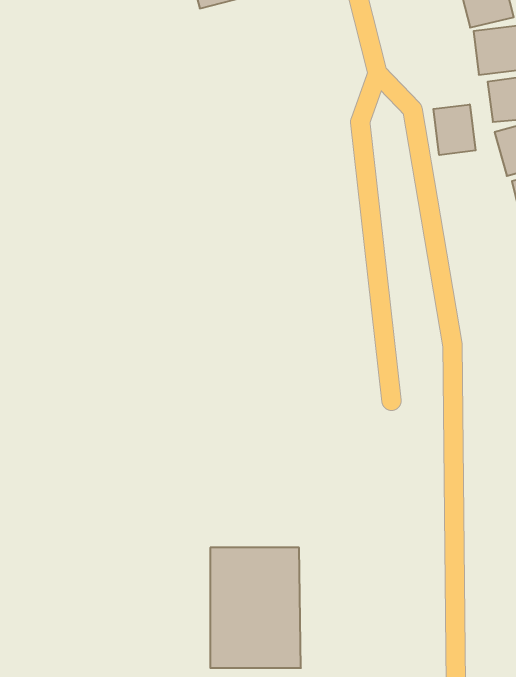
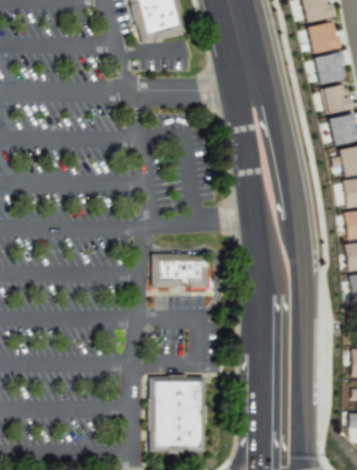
building: [433,104,476,155] -> none
building: none -> [152,255,208,290]

